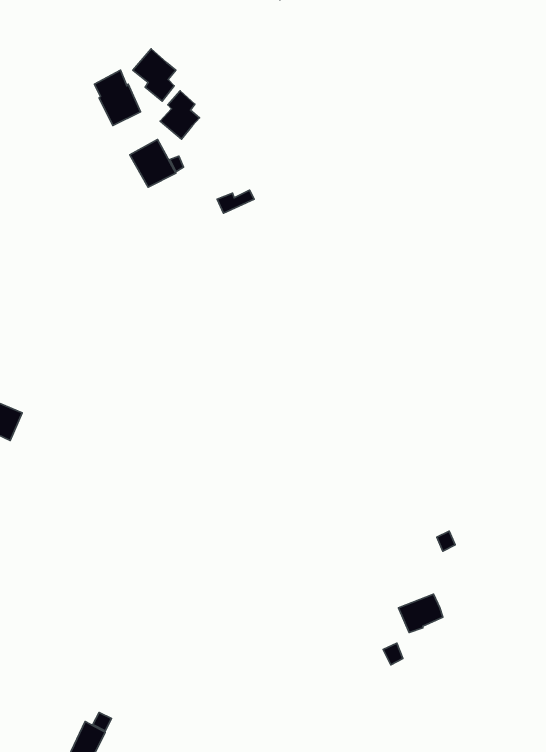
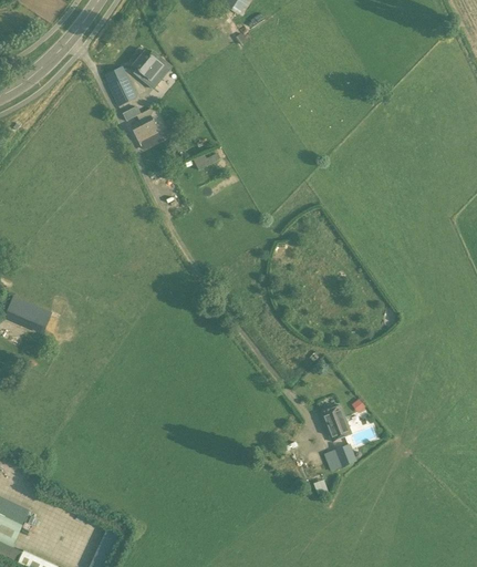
building: [160,91,199,139] -> none
building: none -> [320,403,352,440]

